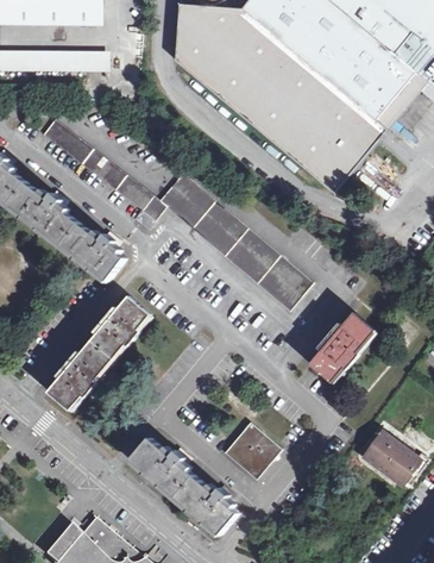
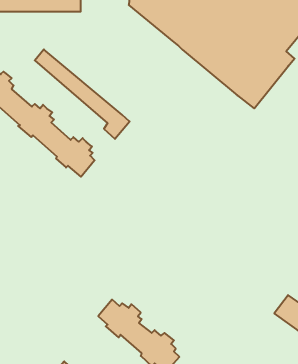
building: [163,176,314,312] -> none
building: [49,300,147,409] -> none
building: [312,314,372,382] -> none
building: [221,419,281,477] -> none

